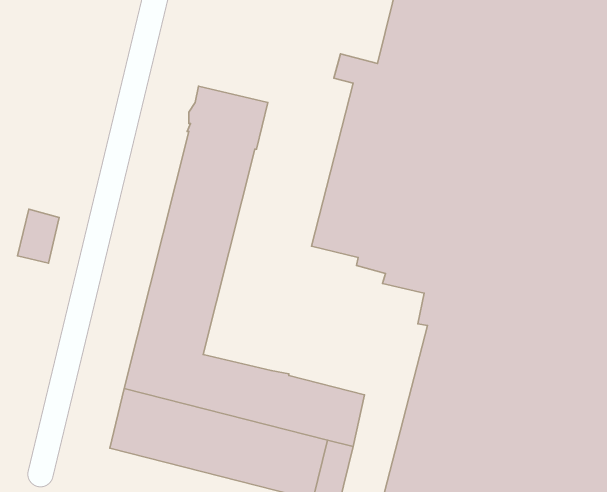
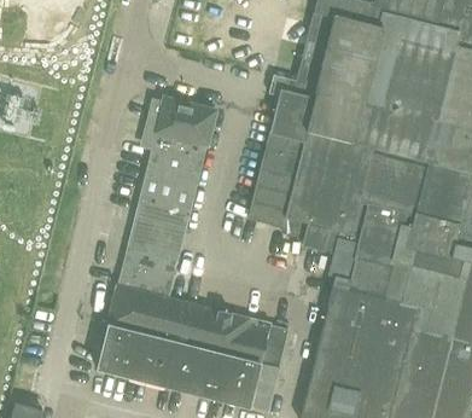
building: [17,209,59,263] -> none

